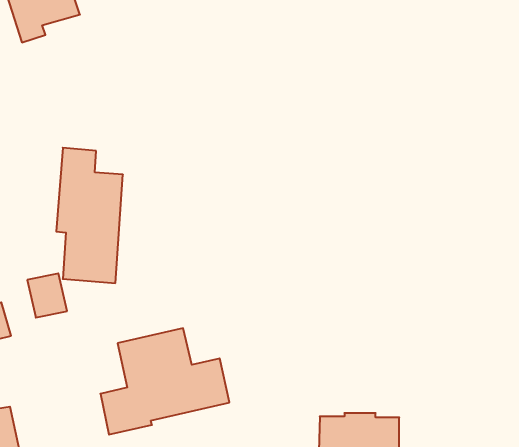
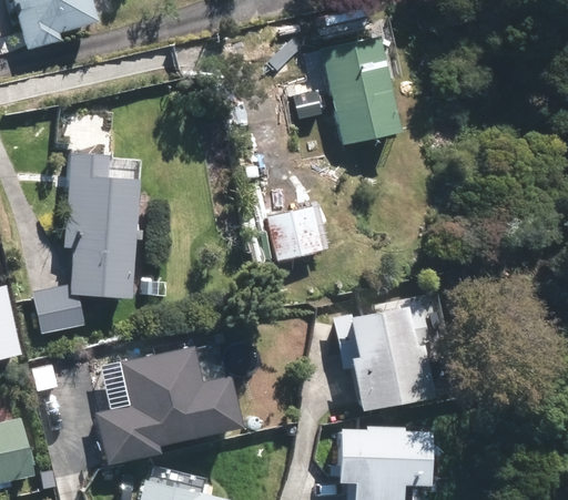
building: none -> [323,40,397,147]
building: none -> [272,210,320,265]
building: none -> [349,307,433,411]

